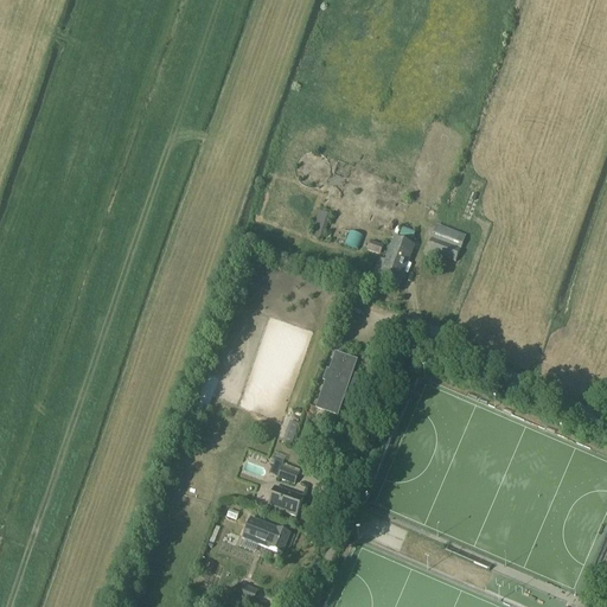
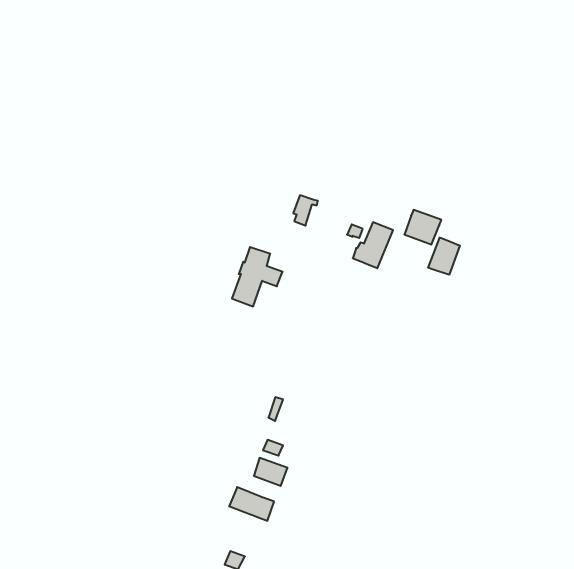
building: none -> [428,238,460,275]
building: [315,350,369,413] -> [232,247,283,306]

